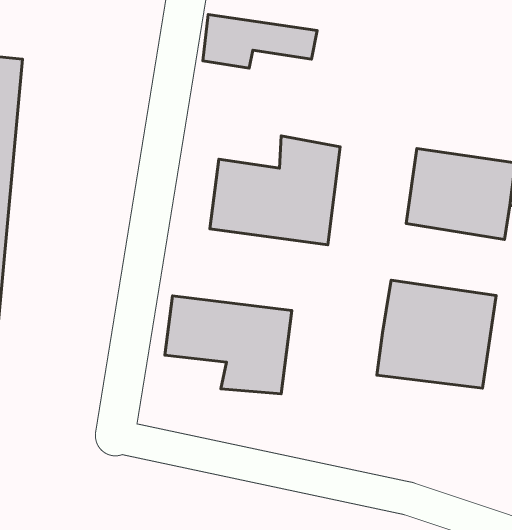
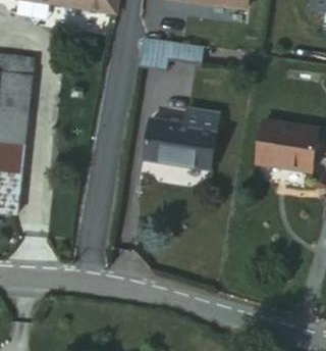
building: [377,280,496,388] -> none
building: [165,296,292,394] -> none

